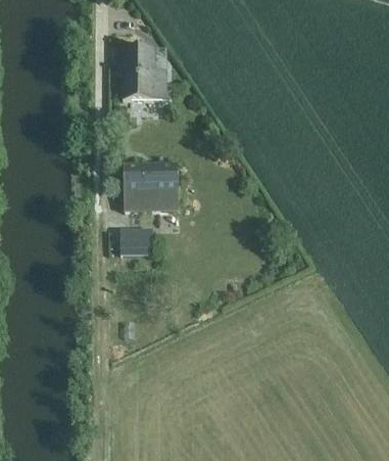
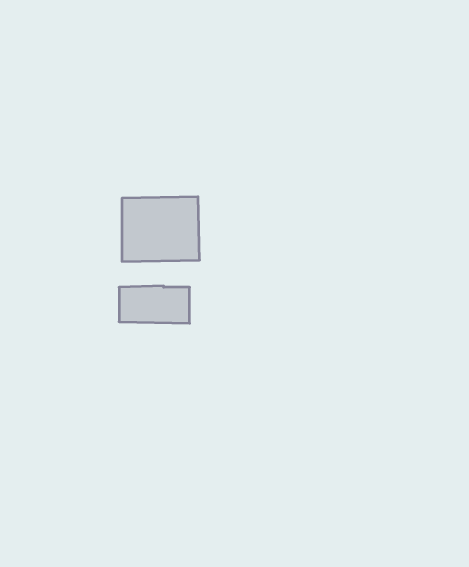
building: [123,47,166,99] -> none

